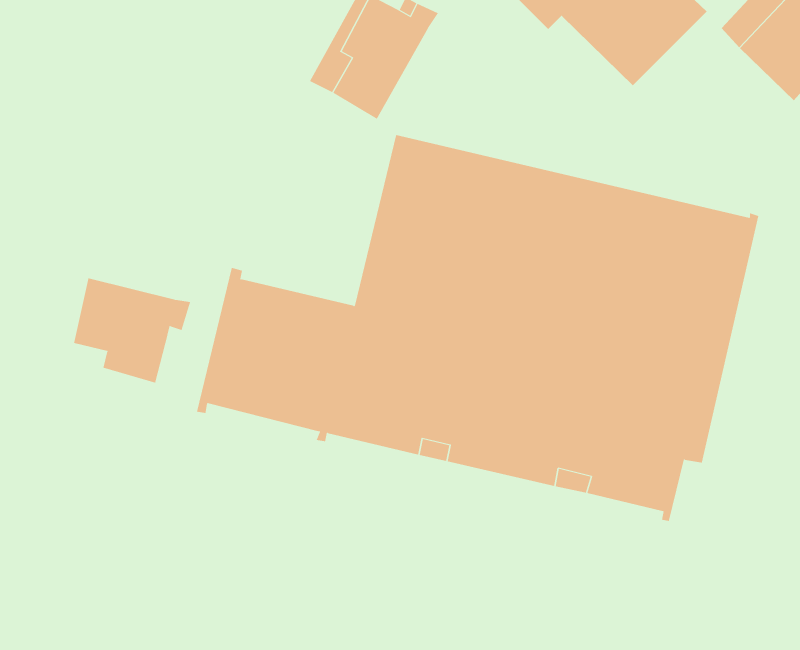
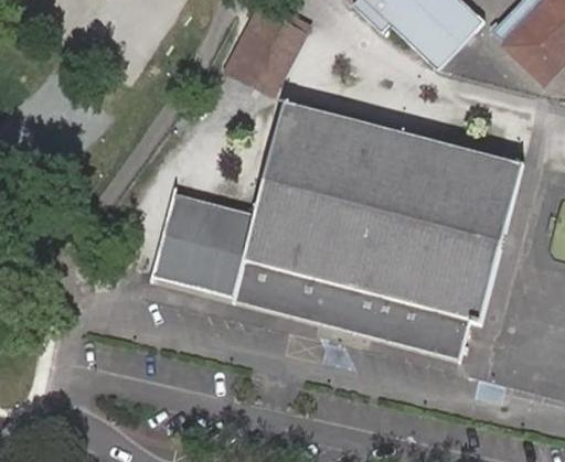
building: [73,278,191,384] -> none

